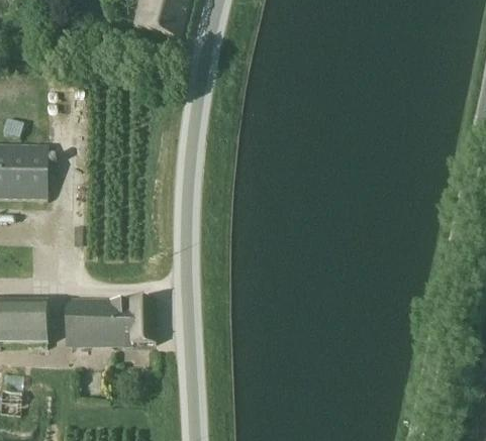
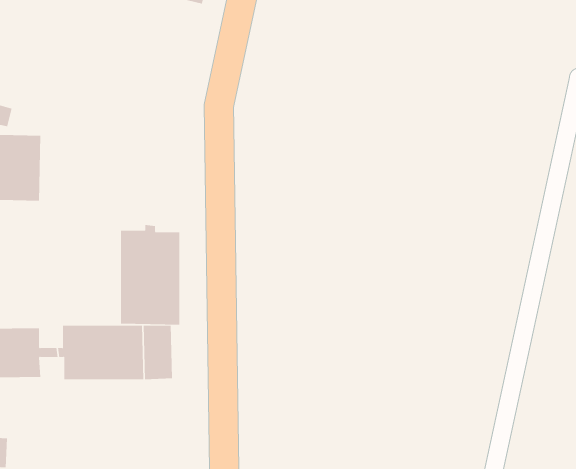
building: none -> [120,224,180,325]

